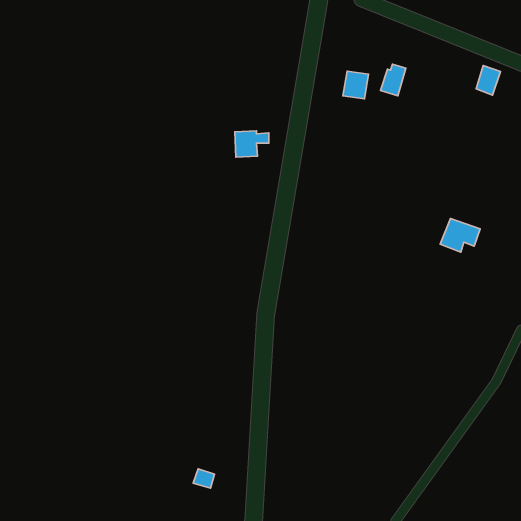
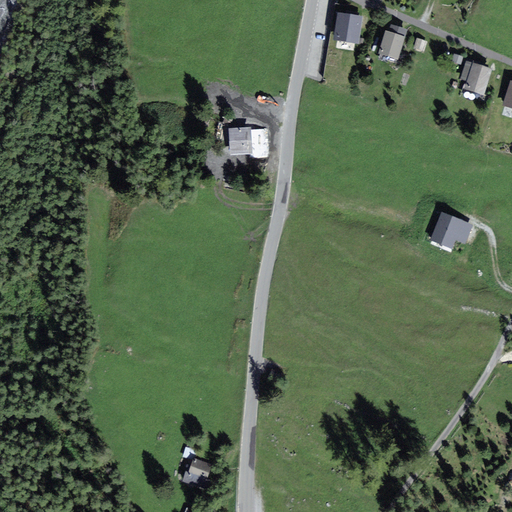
building: [380,64,406,96] -> [379,26,404,57]
building: [343,71,368,99] -> [335,15,360,42]

